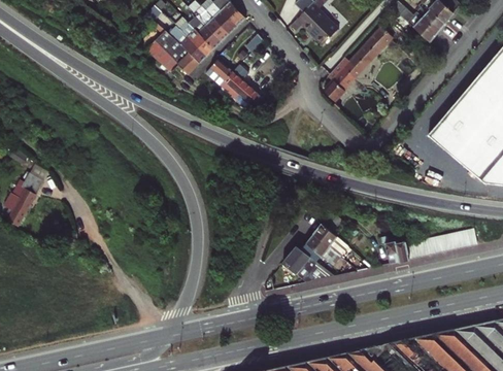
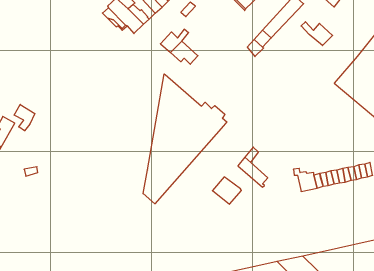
building: [205,60,233,87] -> none
building: none -> [301,22,333,46]
building: none -> [143,74,227,204]
building: none -> [14,104,35,131]
building: [301,234,343,268] -> none

